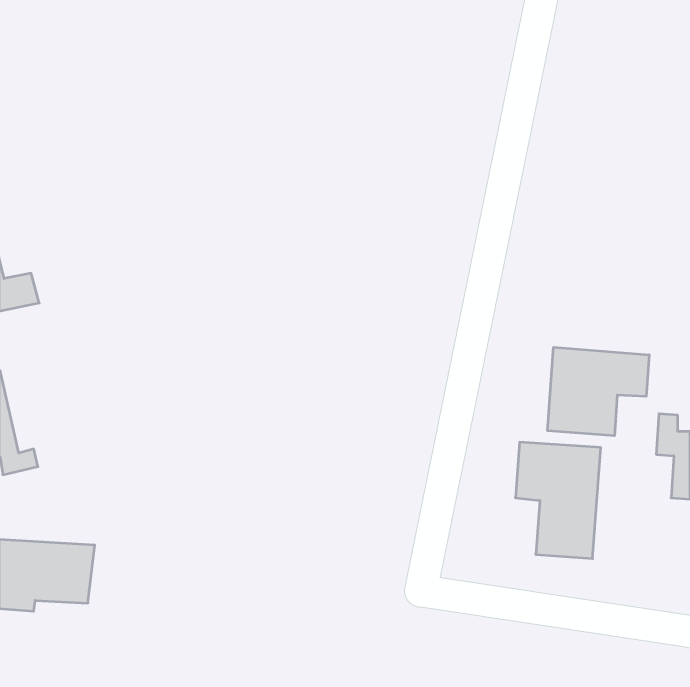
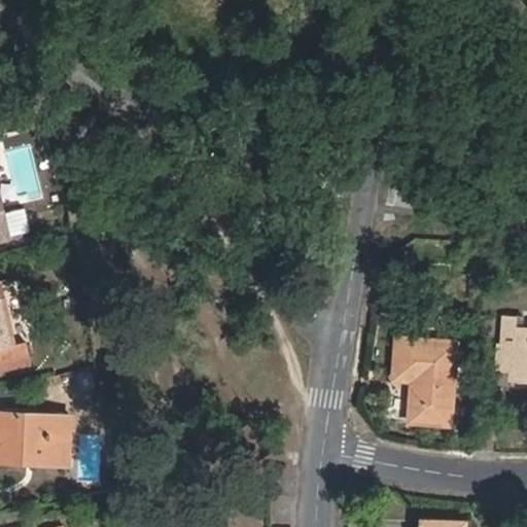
building: [548,347,649,436] -> none

